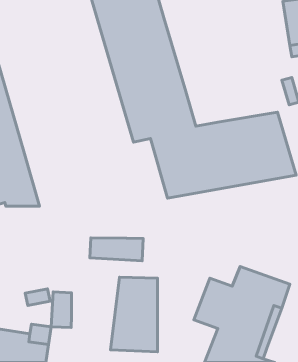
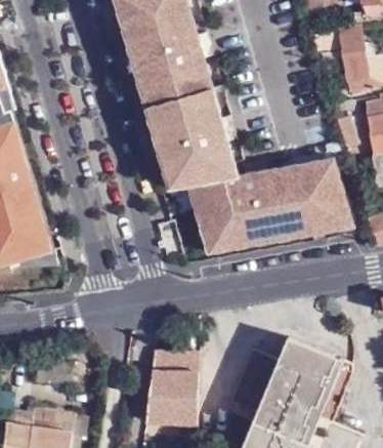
building: [90,238,143,261] -> none
building: [51,292,71,328] -> none

